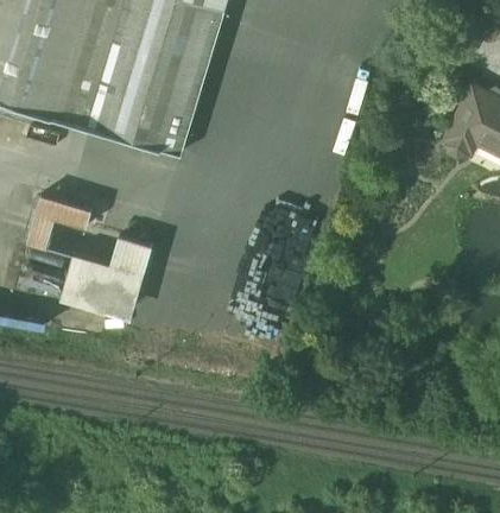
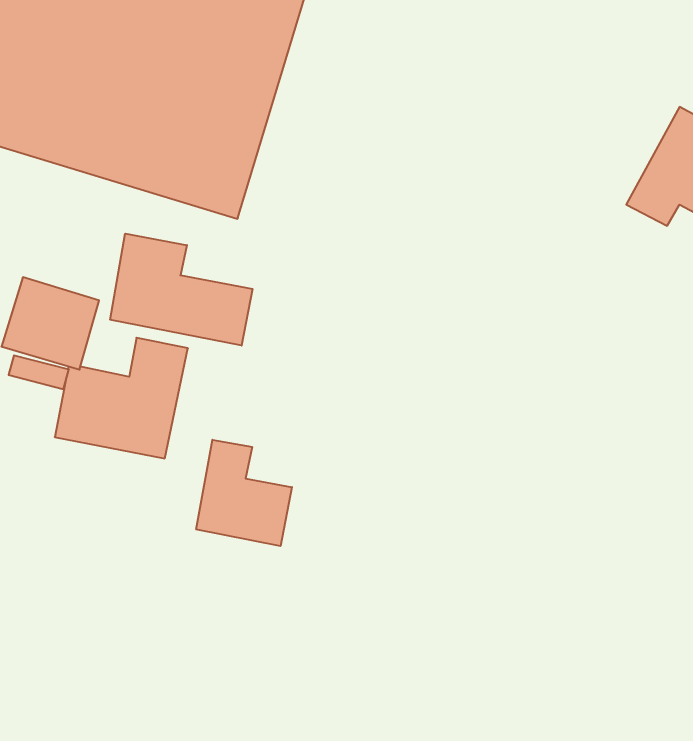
building: none -> [110,234,253,346]
building: none -> [196,440,292,546]

